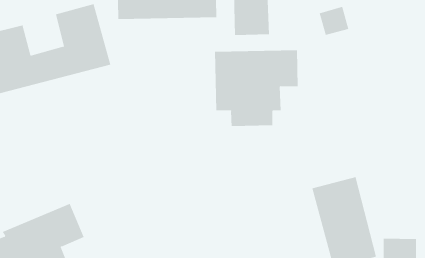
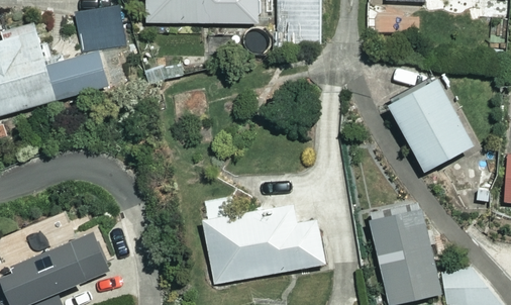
building: [214,50,298,127] -> none
building: none -> [385,76,471,170]
building: none -> [202,203,324,285]

